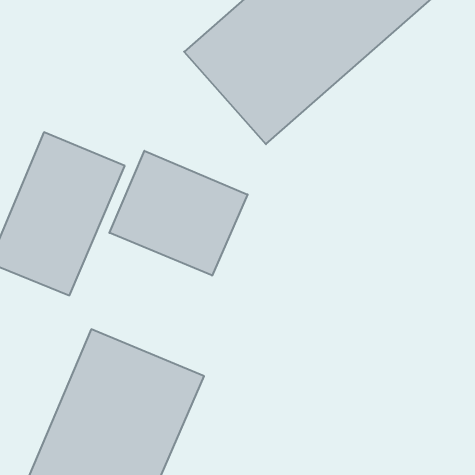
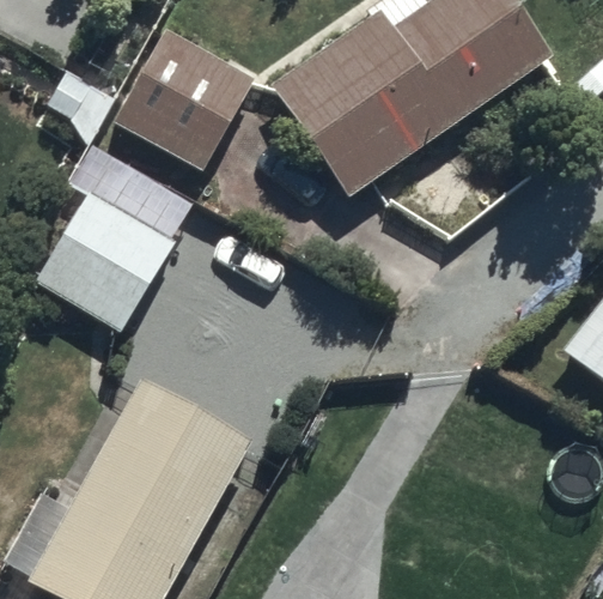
building: none -> [124,34,255,167]
building: [109,151,248,276] -> none

